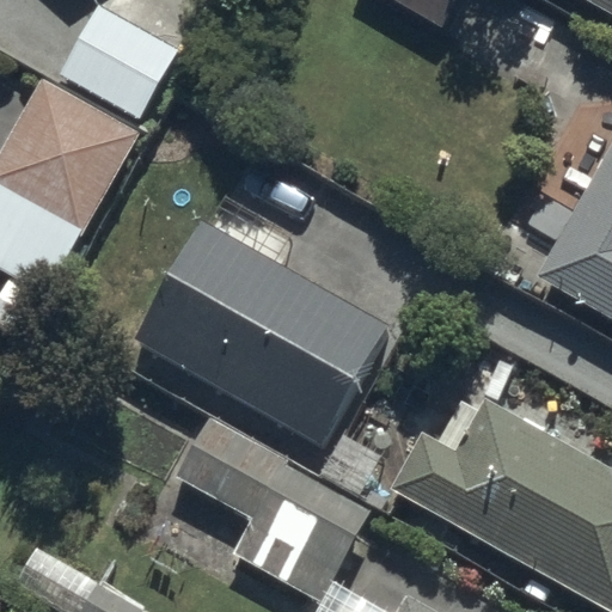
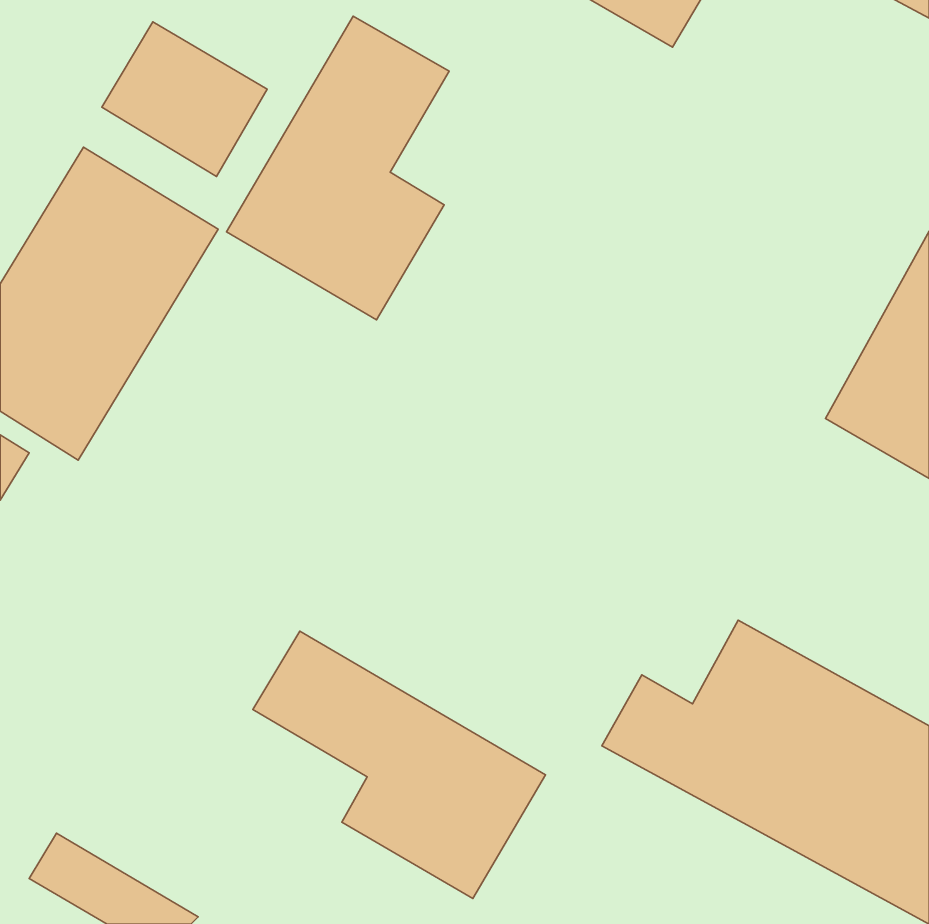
building: none -> [227,16,449,320]
building: [134,215,378,432] -> none

